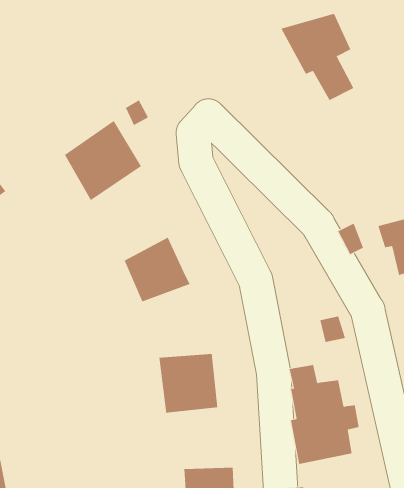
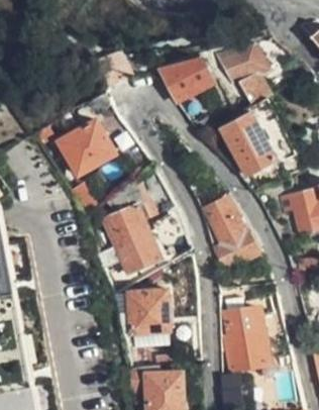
building: none -> [162,59,214,100]
building: none -> [223,115,278,178]
building: none -> [207,203,260,275]
building: none -> [115,240,158,277]

